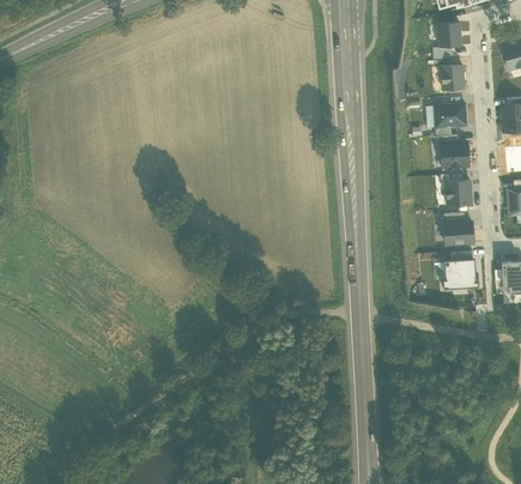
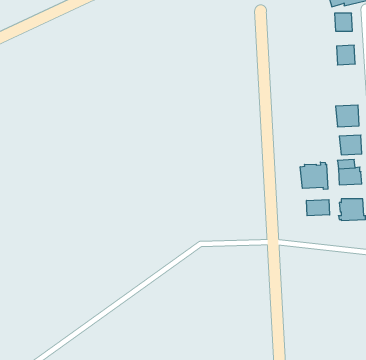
building: [434,102,467,127] -> none
building: none -> [300,162,328,189]
building: none -> [307,200,330,216]

